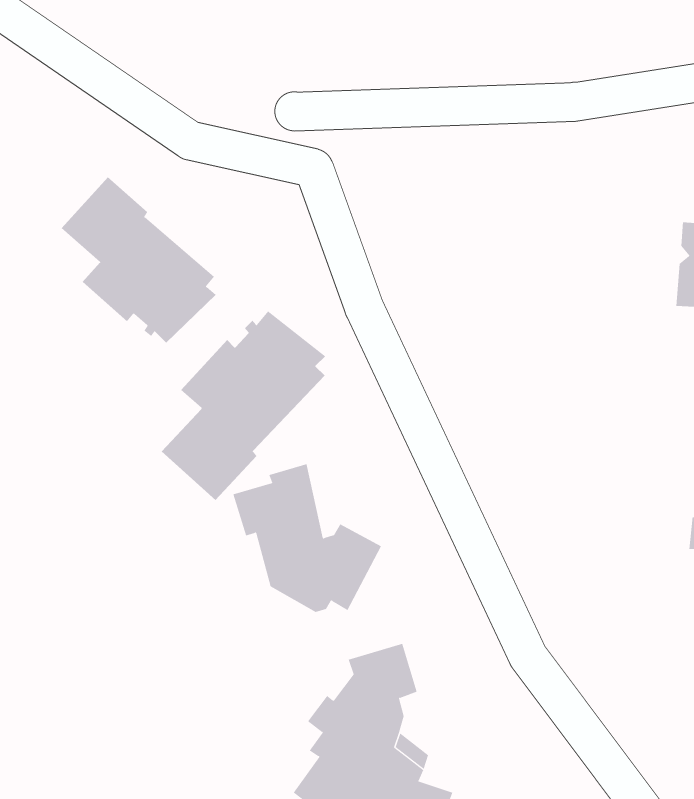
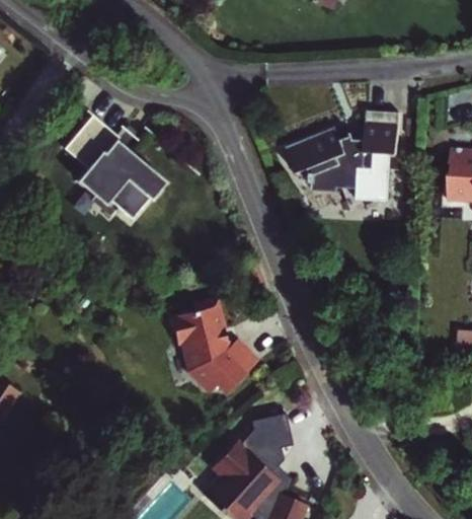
building: none -> [274,102,386,191]
building: [161,311,326,501] -> none

